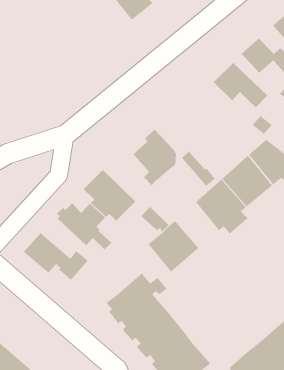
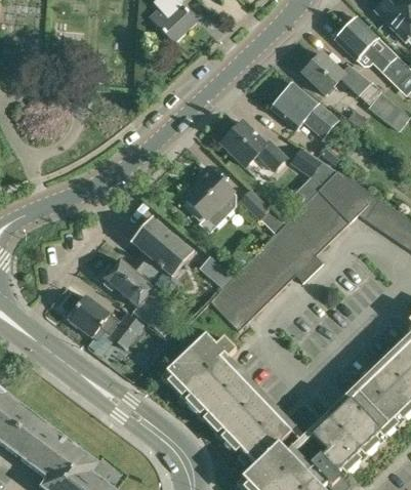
building: none -> [221,121,285,168]
building: none -> [294,150,330,181]
building: none -> [239,247,290,299]

